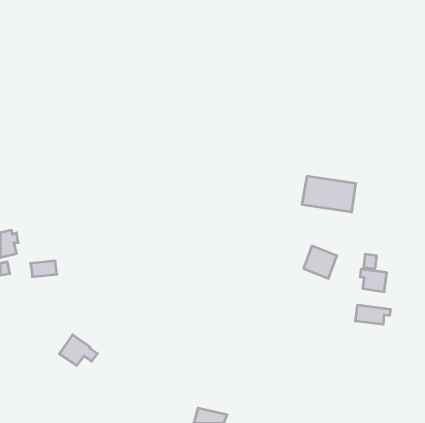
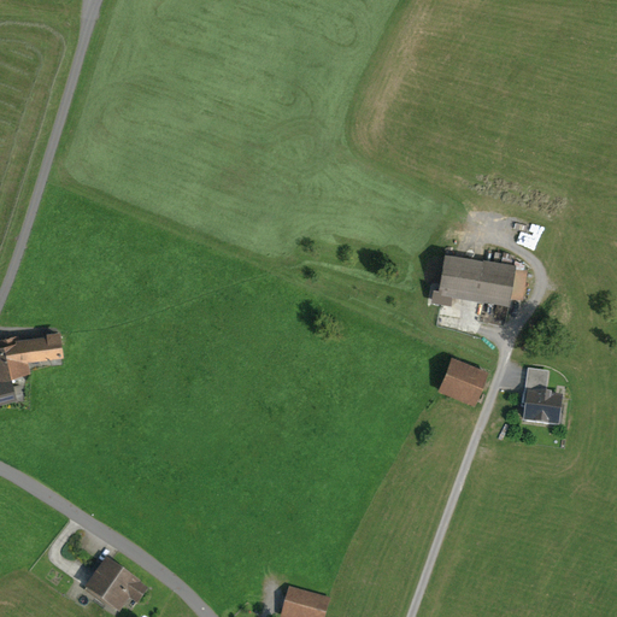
building: [30,261,57,277] -> [24,334,63,357]
building: [355,305,390,324] -> none
building: [59,335,98,365] -> [90,560,146,605]

